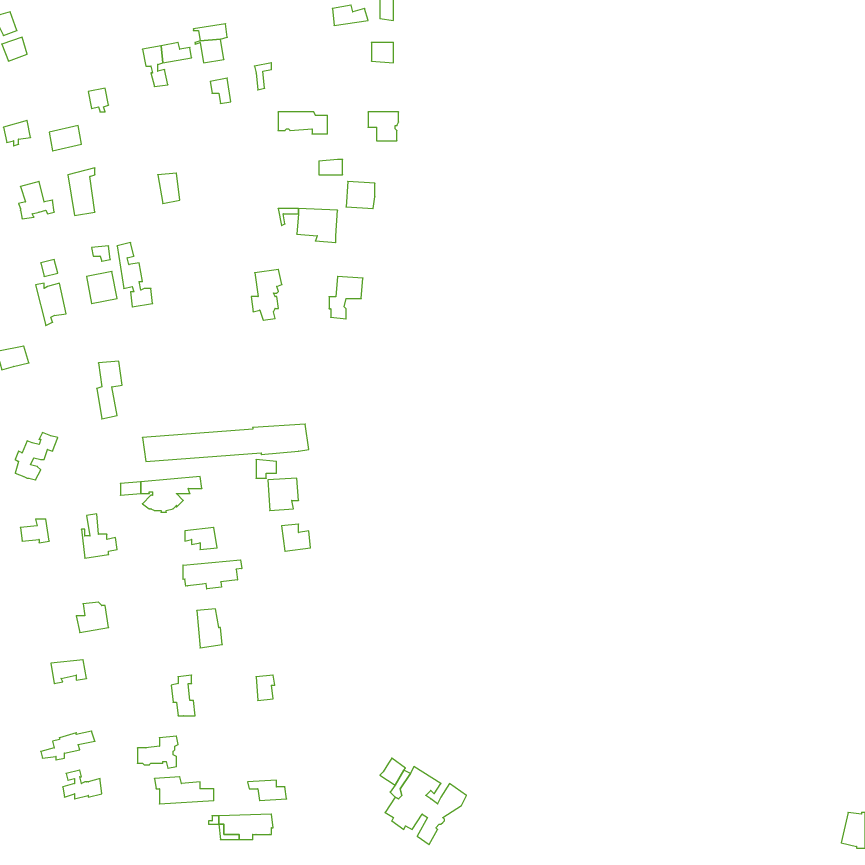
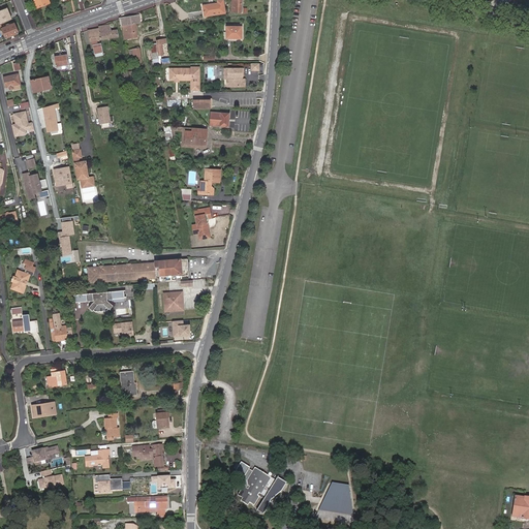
building: [251,269,282,320] -> [192,208,211,239]
building: [183,560,242,589] -> none
building: none -> [132,444,163,466]
building: none -> [318,485,352,514]

